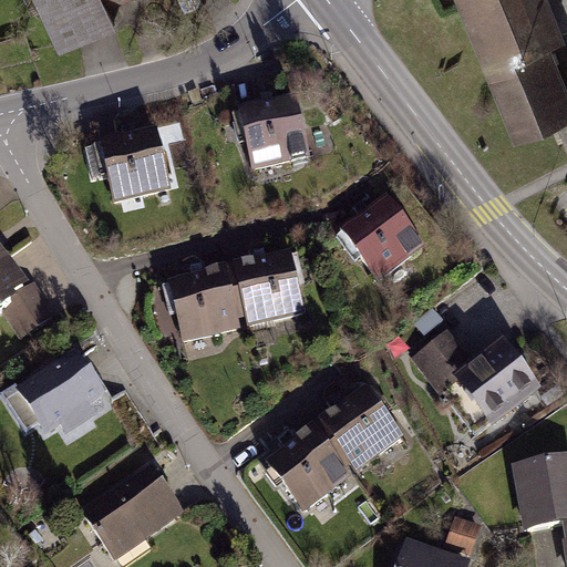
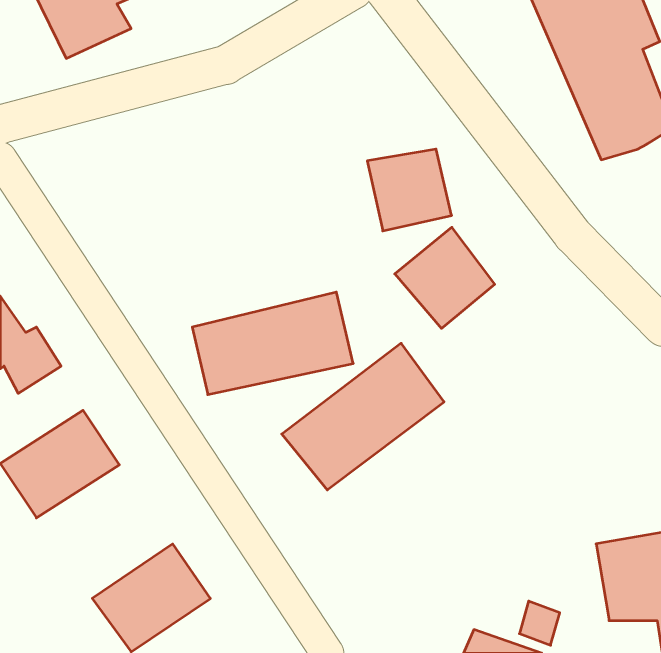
building: [238,97,310,167] -> [367,149,452,231]
building: [96,126,169,199] -> none
building: [411,328,539,429] -> none
building: [265,383,403,508] -> [282,343,444,490]

